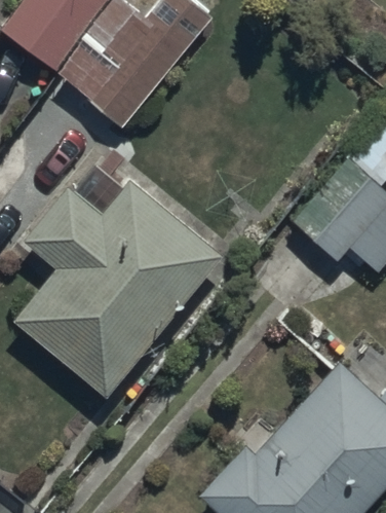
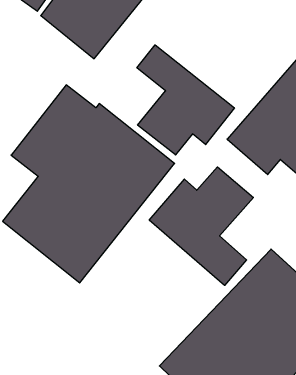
building: none -> [137,45,234,155]
building: none -> [149,167,253,285]

